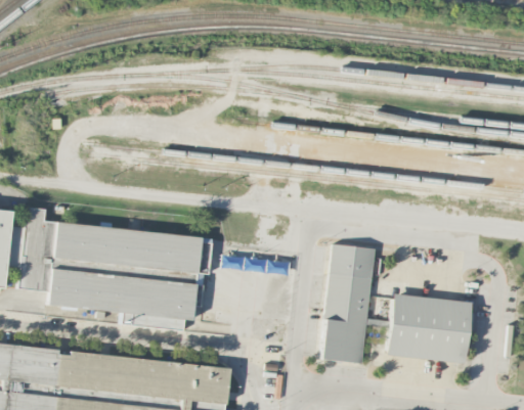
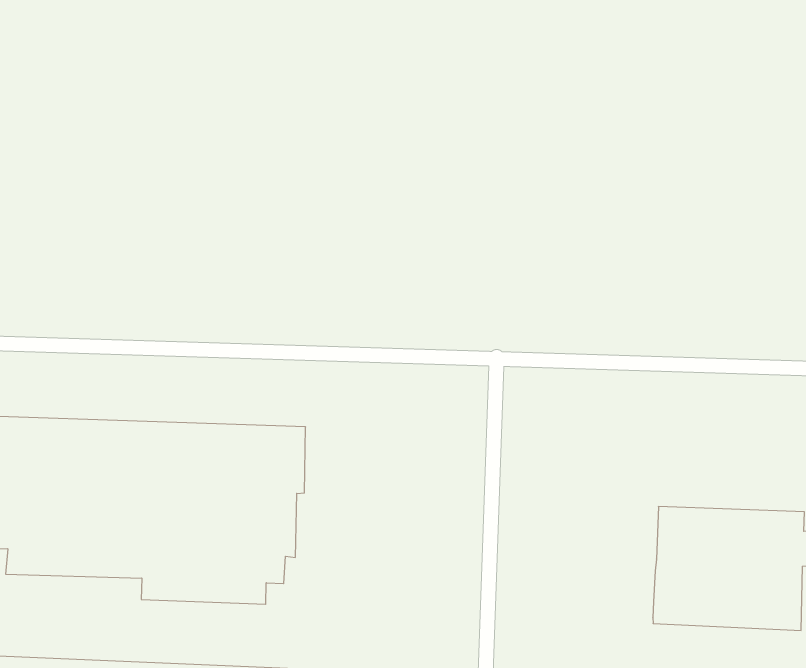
building: [320,244,391,363] -> none

